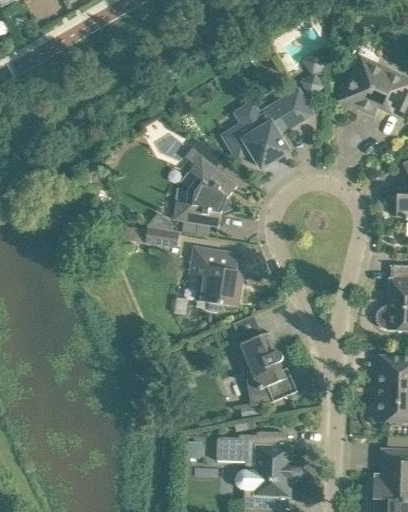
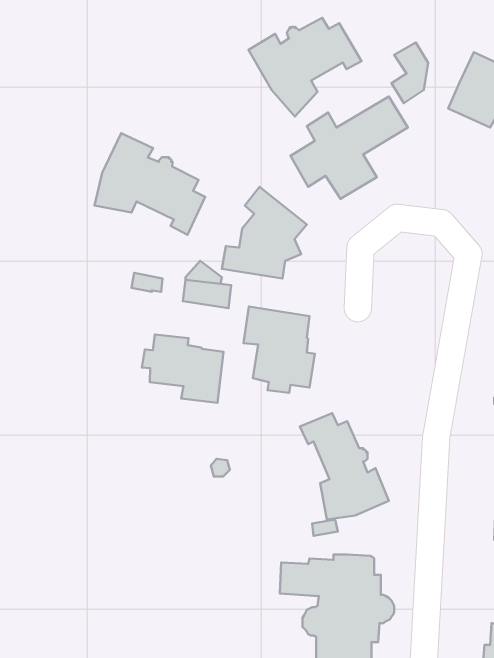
building: none -> [248,18,362,117]
building: none -> [95,133,205,235]
building: none -> [142,334,223,403]

